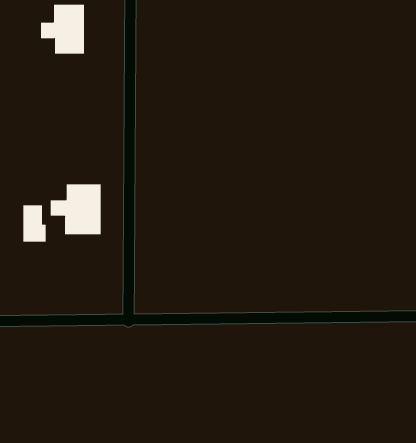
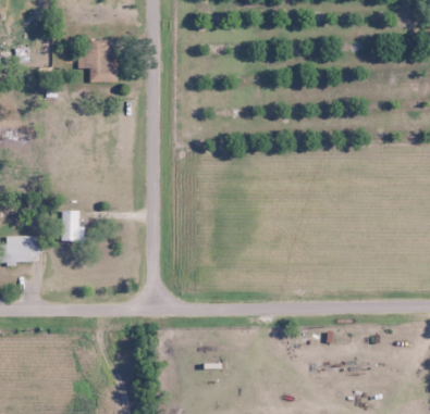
building: [50,183,101,235] -> none

